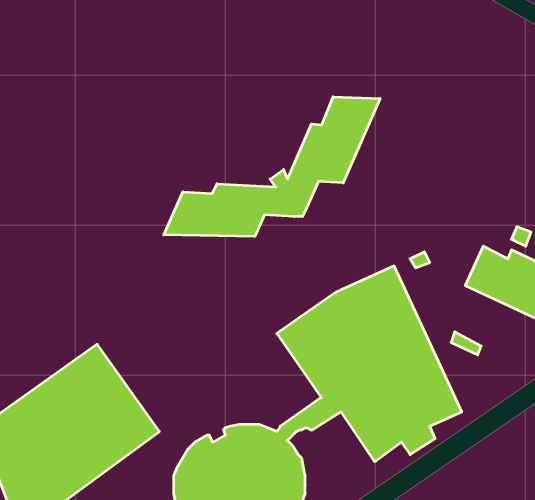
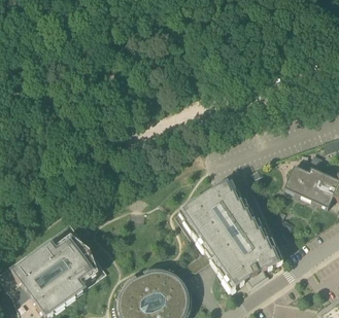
building: [164,97,380,236] -> none

